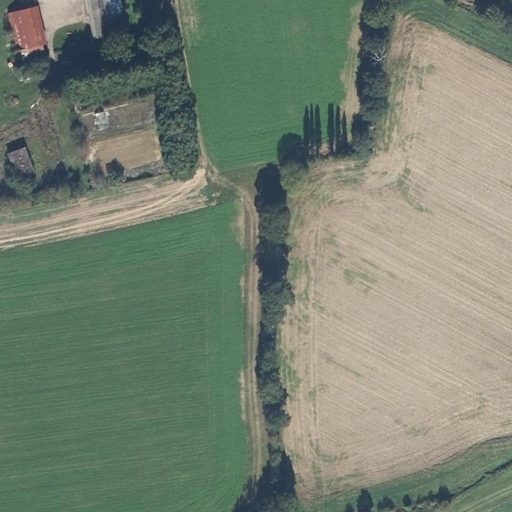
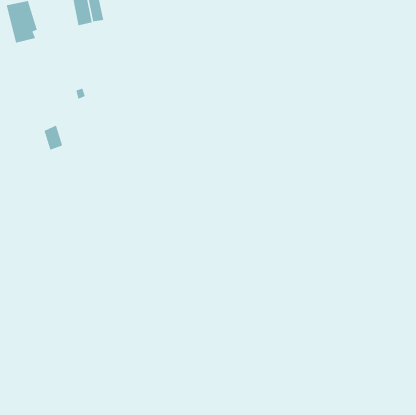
building: [8,143,32,175] -> [43,125,63,151]

